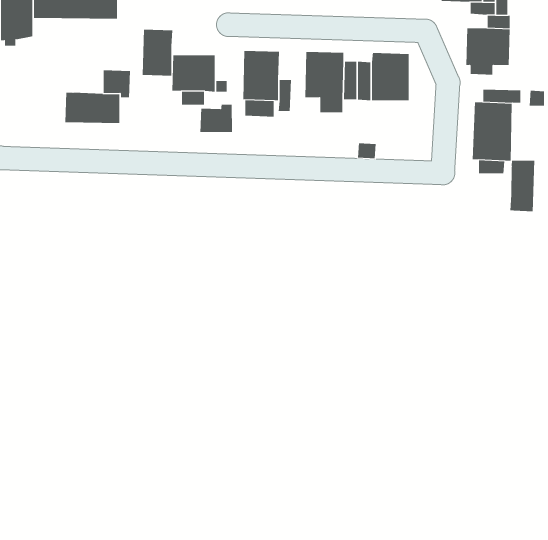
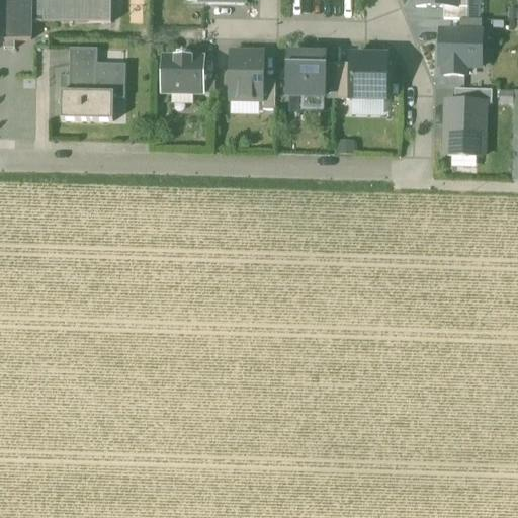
building: [142,29,173,76] -> [69,44,98,88]
building: none -> [352,95,384,111]
building: [200,104,232,133] -> none
building: [510,160,535,212] -> none

